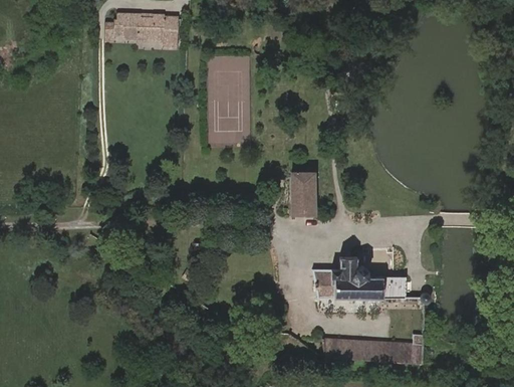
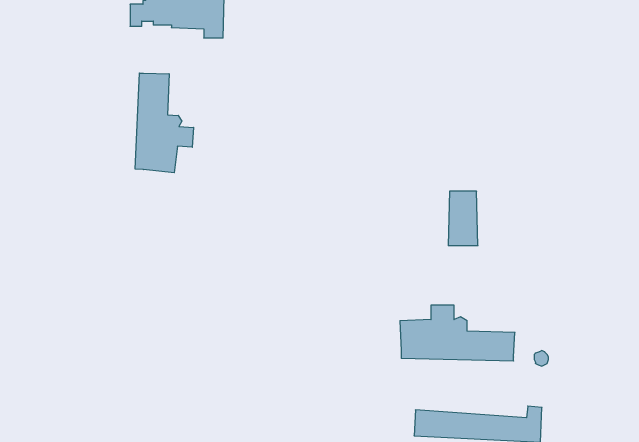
building: none -> [135,73,194,173]
building: [291,175,314,217] -> [448,191,478,246]

